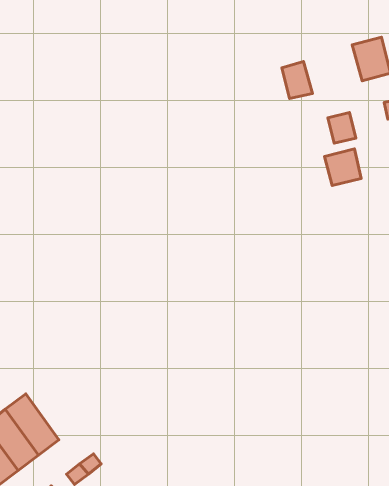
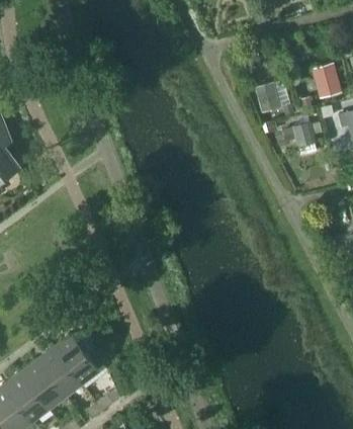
building: [324,149,361,185] -> none
building: none -> [54,323,98,381]

